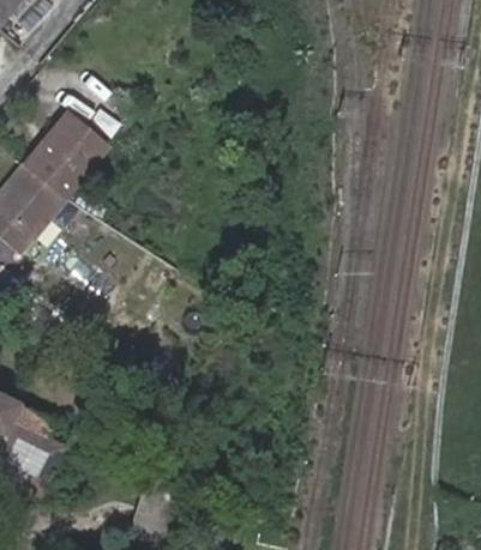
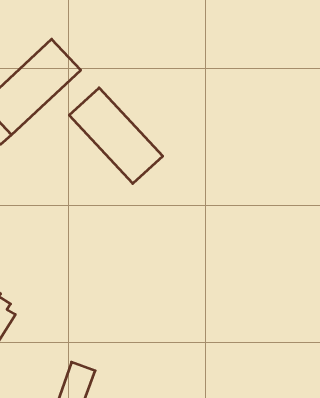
building: none -> [69,88,163,184]

